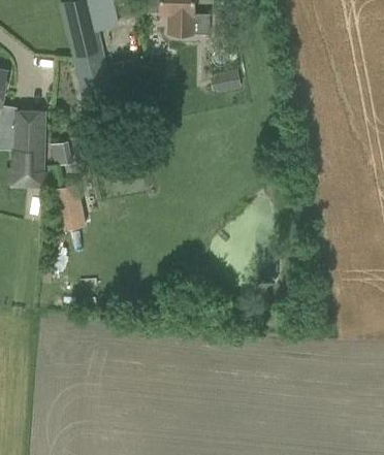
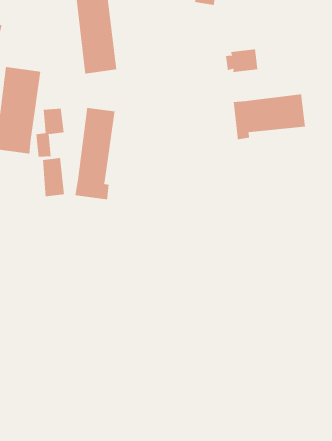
building: none -> [233,94,305,140]
building: none -> [75,107,115,200]

